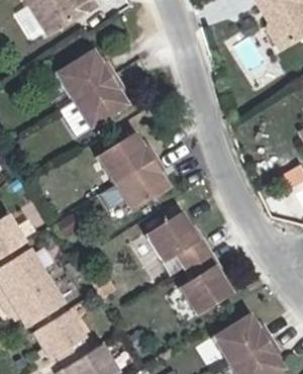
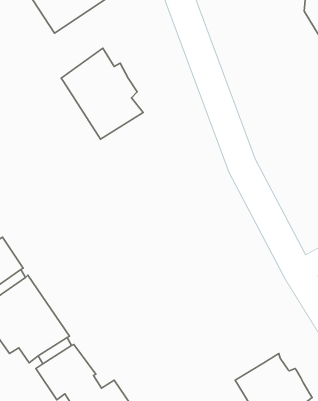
building: [101,136,172,215] -> none
building: [149,217,233,319] -> none

